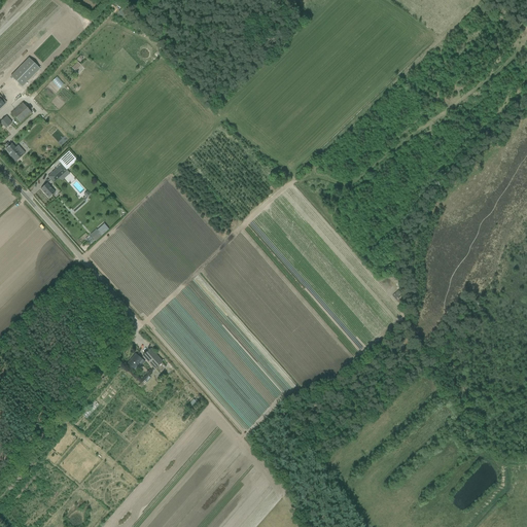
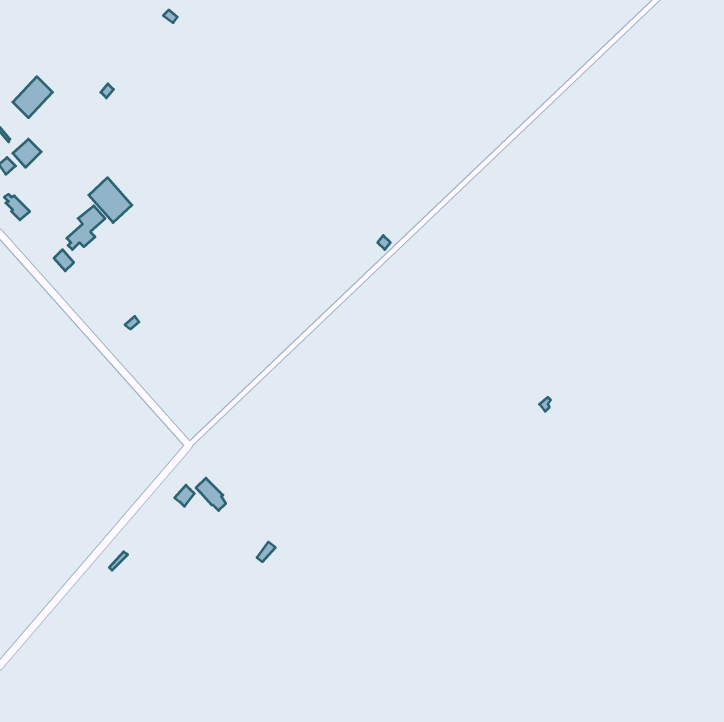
building: none -> [89,178,132,223]

